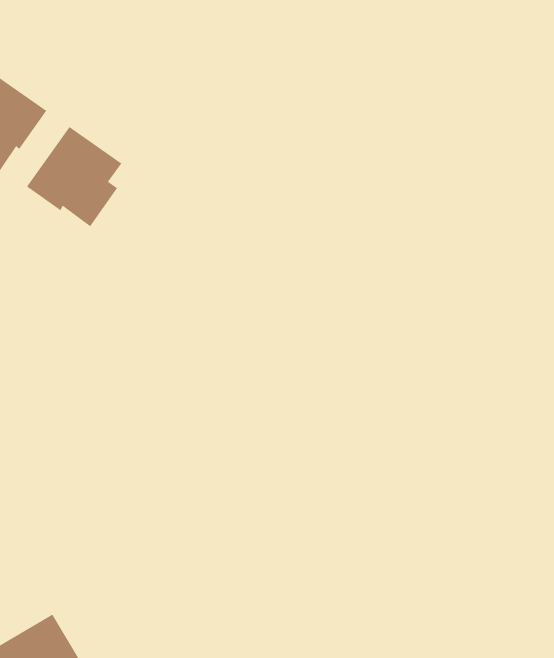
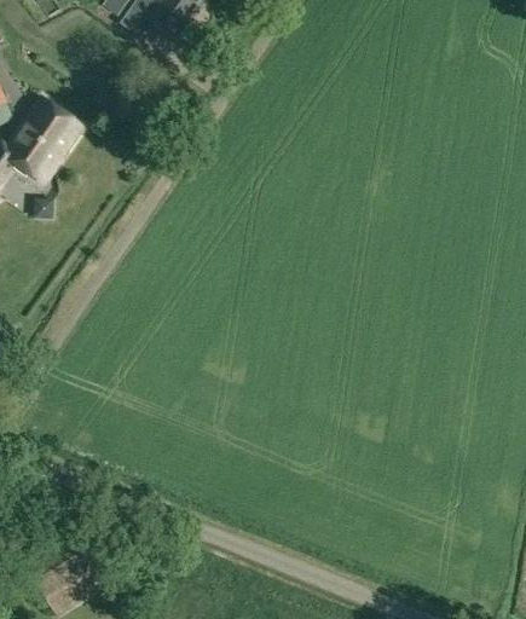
building: [26,126,122,227] -> none

